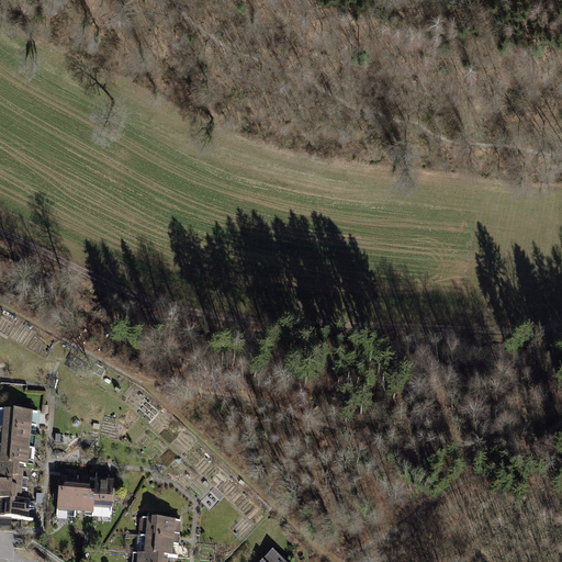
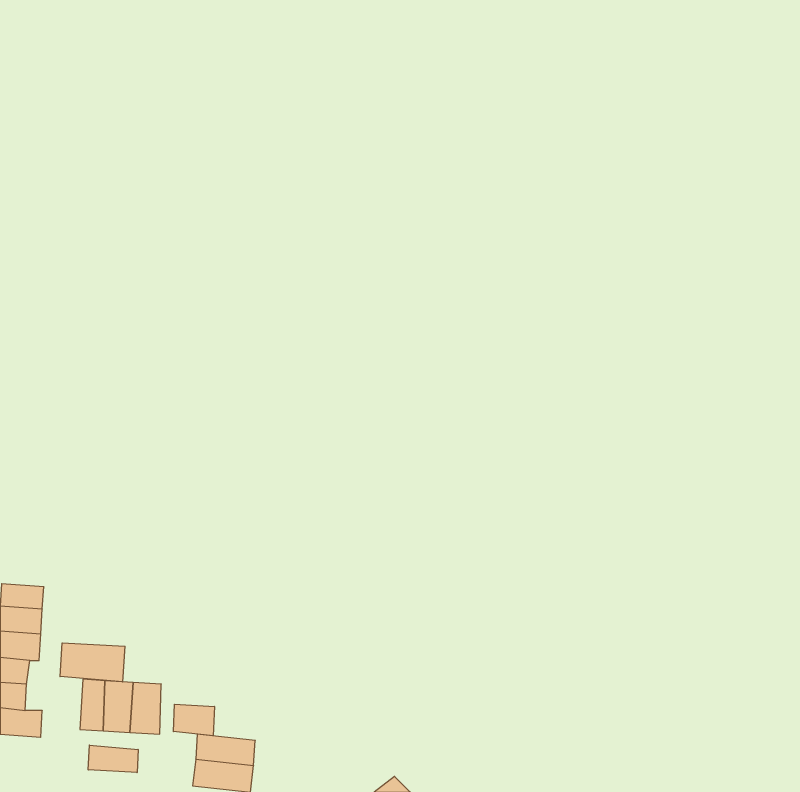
building: none -> [60,643,125,682]
building: none -> [173,704,214,736]
building: none -> [88,745,138,773]

